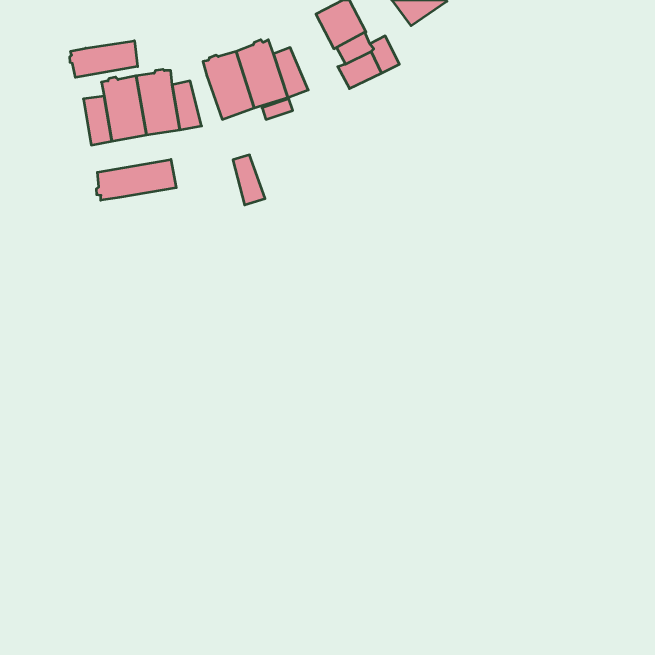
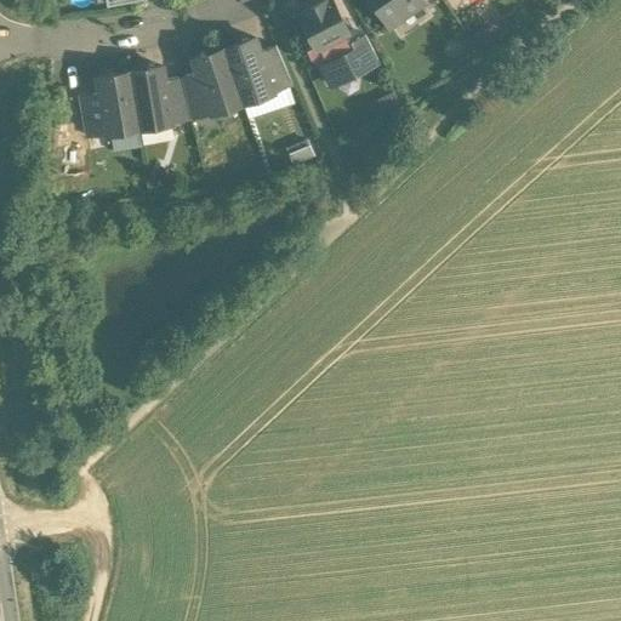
building: [70,41,138,77] -> none
building: [233,155,265,205] -> [181,73,211,120]
building: [96,159,176,200] -> none

